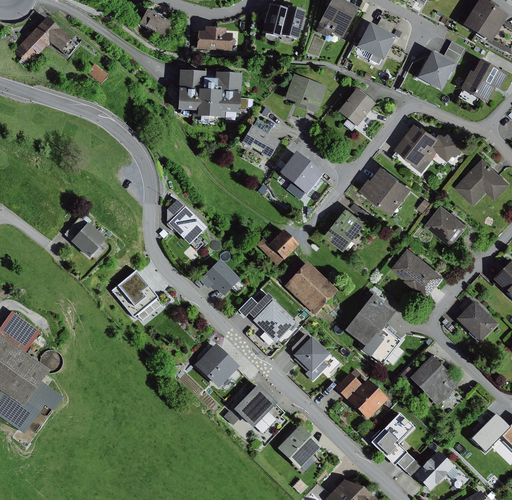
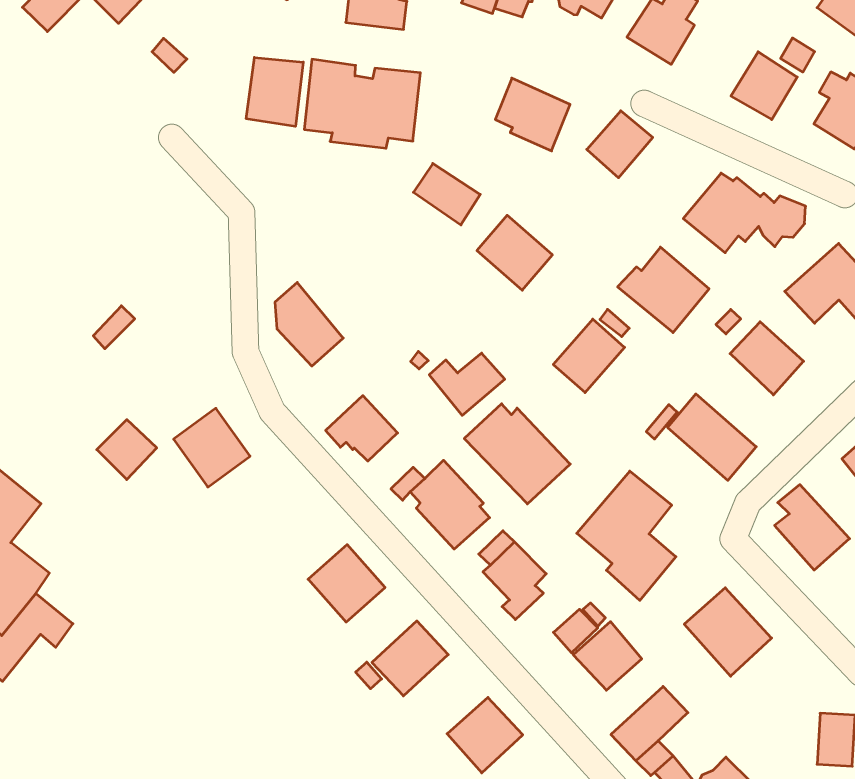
building: none -> [246,57,303,126]
building: [71,223,105,257] -> [97,420,157,480]

